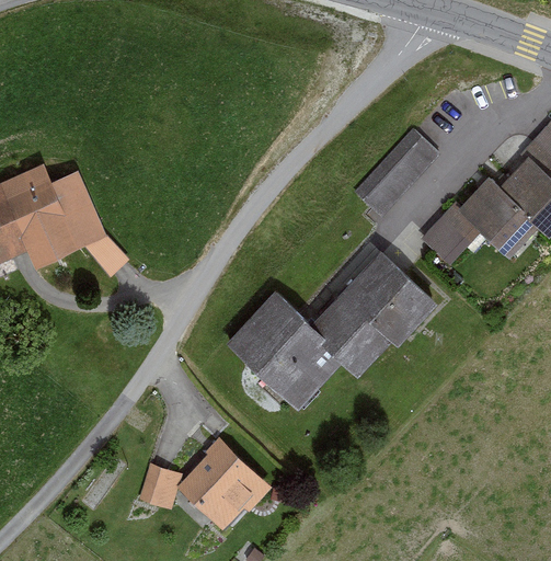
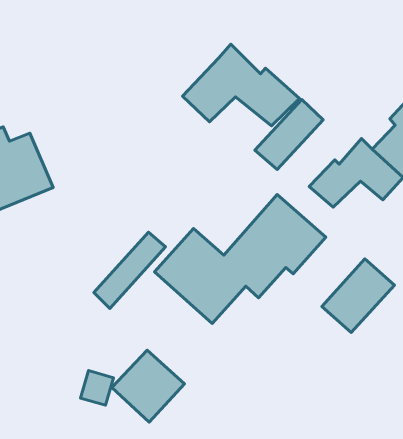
building: none -> [183,44,299,126]
building: none -> [94,232,166,308]
building: none -> [322,259,394,332]

